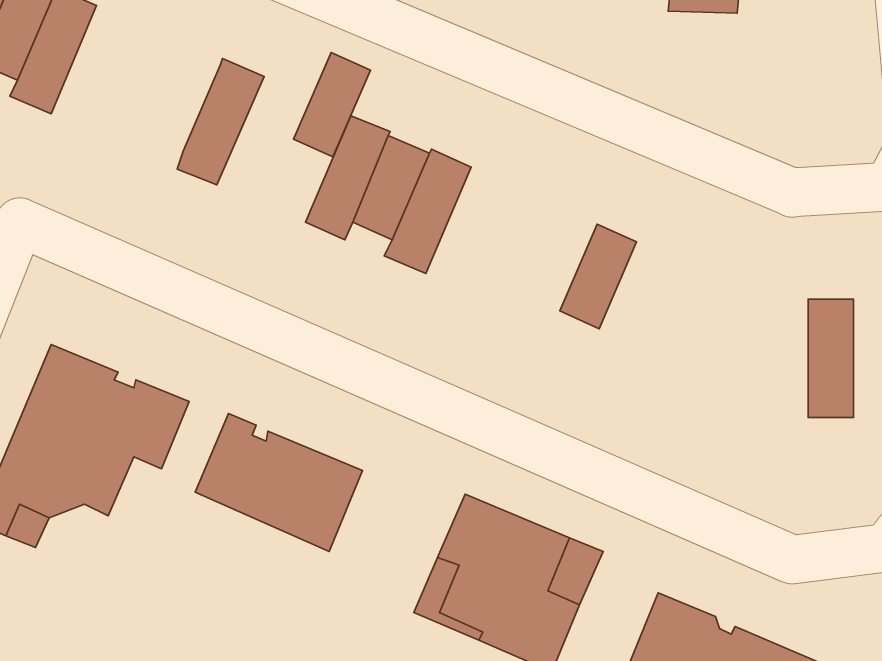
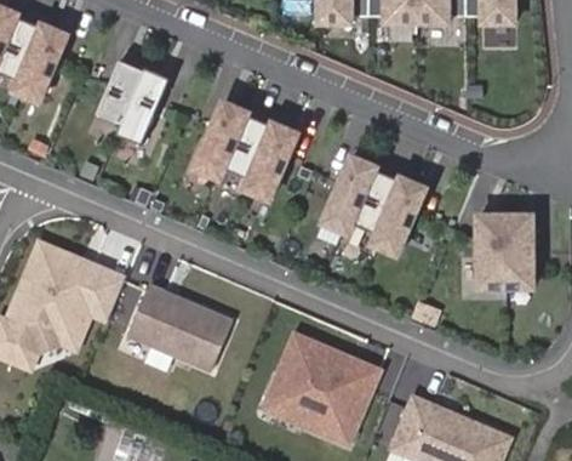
building: [294,52,370,157] -> [96,58,143,123]
building: none -> [322,155,376,232]
building: none -> [372,176,425,252]
building: none -> [477,214,504,286]

